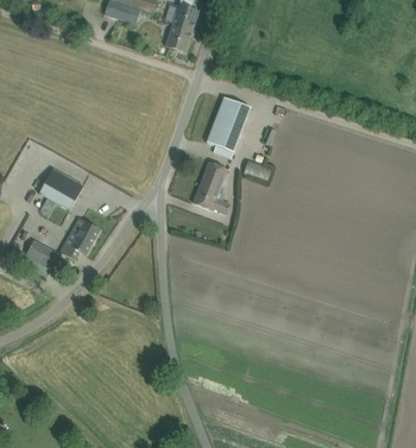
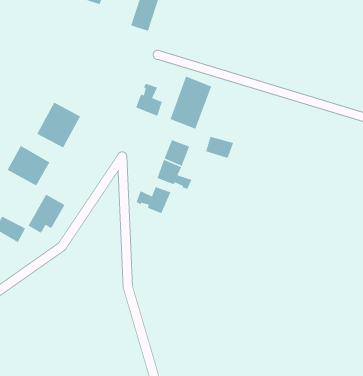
building: none -> [135,83,163,117]
building: none -> [36,102,81,149]
building: none -> [136,186,171,214]

